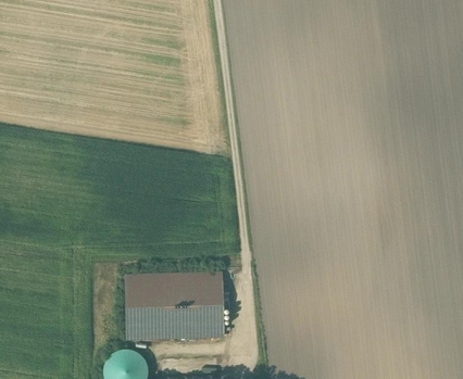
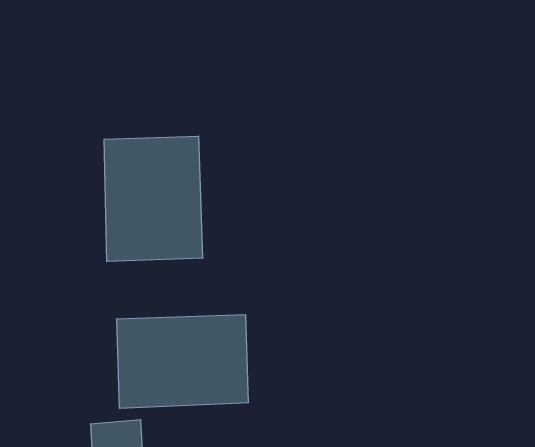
building: none -> [104,136,203,262]

